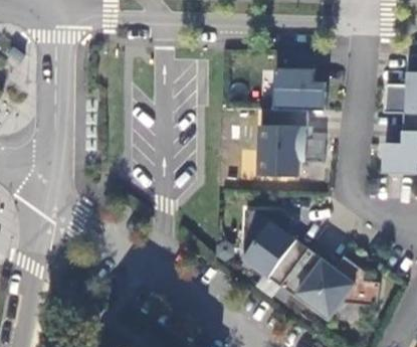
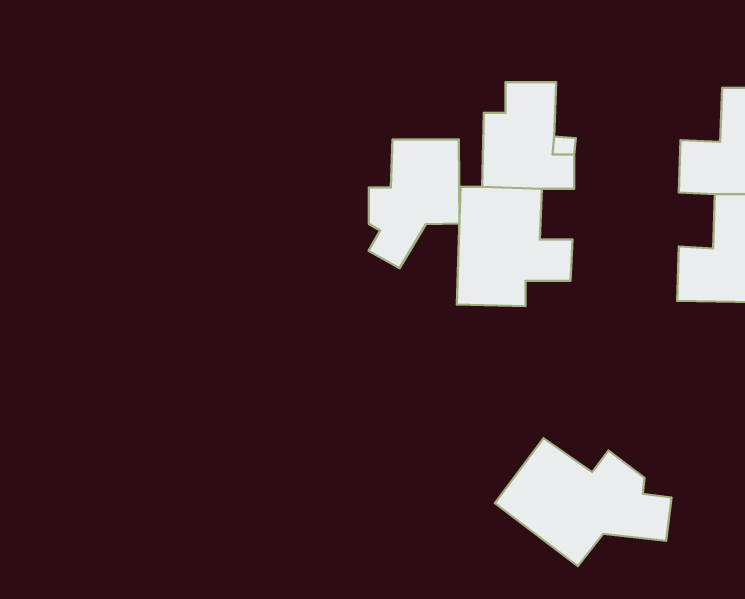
building: none -> [368,140,459,268]
building: [240,211,304,287] -> none

